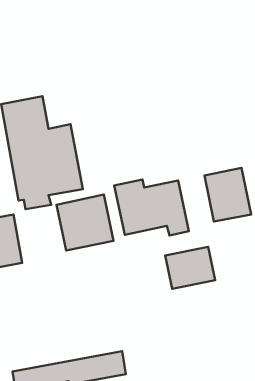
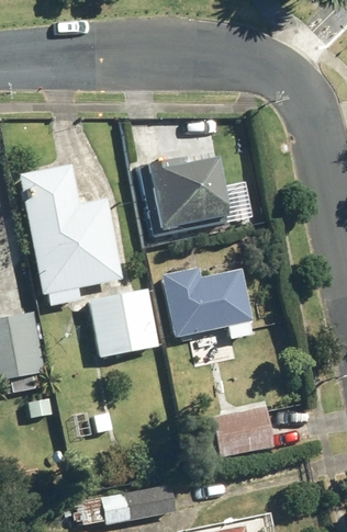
building: none -> [144,156,226,229]
building: [205,168,251,222] -> none
building: [165,247,215,289] -> [212,405,275,457]

